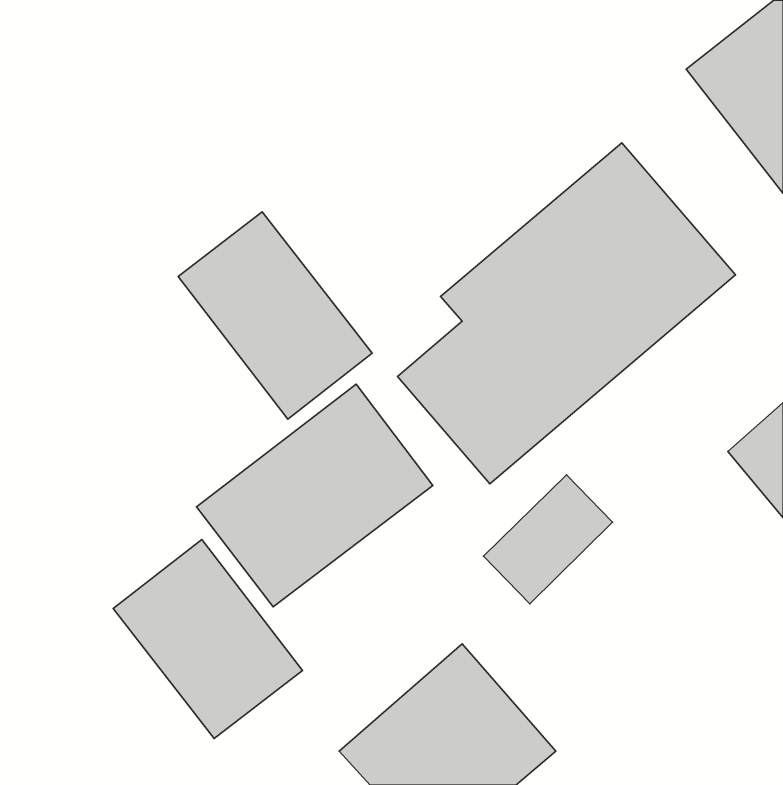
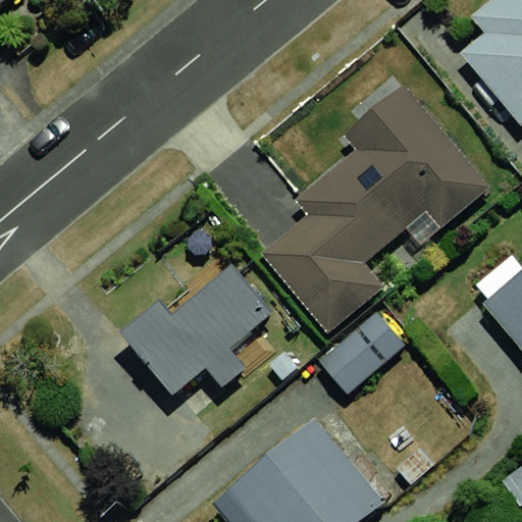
building: [178,212,372,419] -> none
building: [113,539,303,738] -> none

